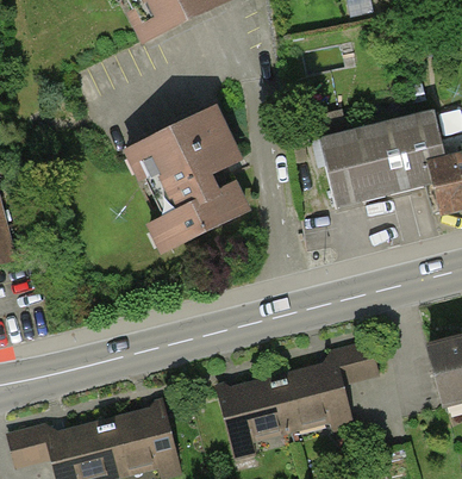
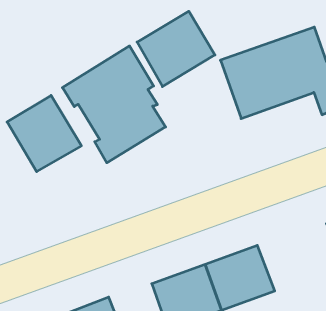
building: none -> [137,11,215,87]
building: none -> [7,95,81,172]

